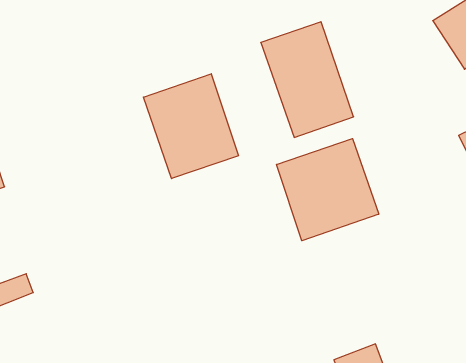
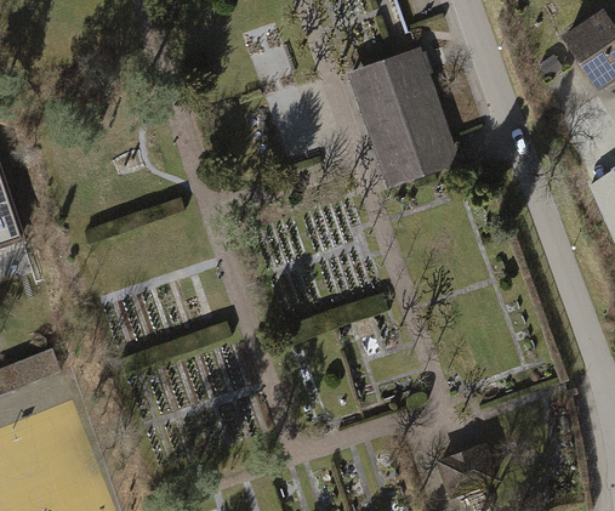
building: [143,74,238,179] -> none
building: [277,139,379,241] -> none

